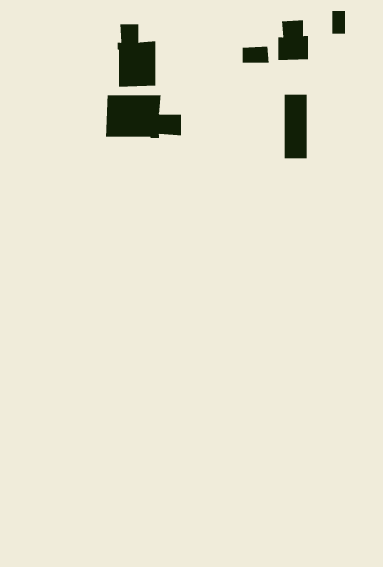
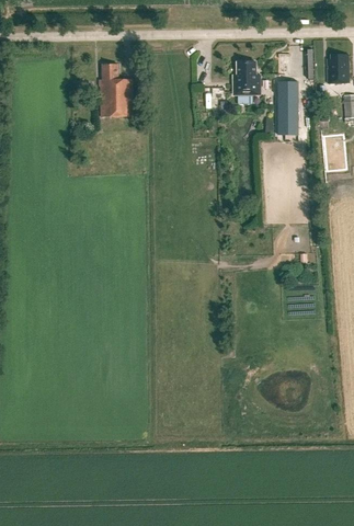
building: [284,94,308,159] -> [278,80,298,134]
building: [106,95,182,139] -> none

